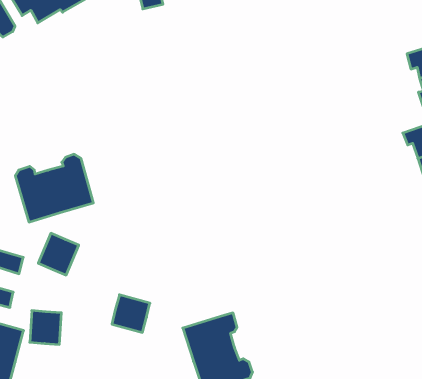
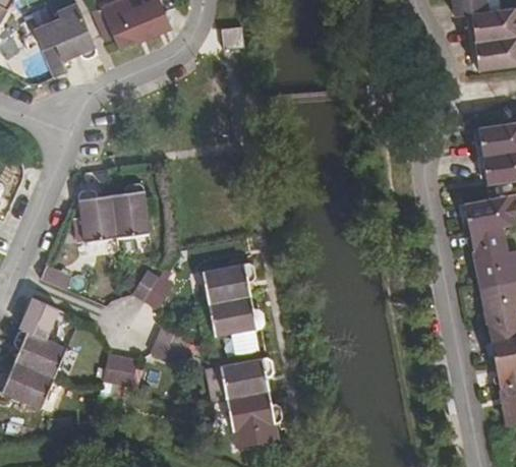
building: none -> [203,262,265,336]
building: [38,233,79,275] -> [132,267,174,309]
building: [30,311,61,344] -> [102,355,136,392]

